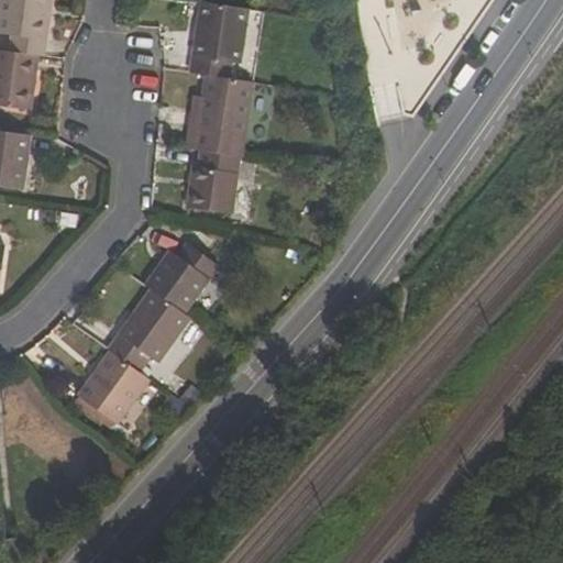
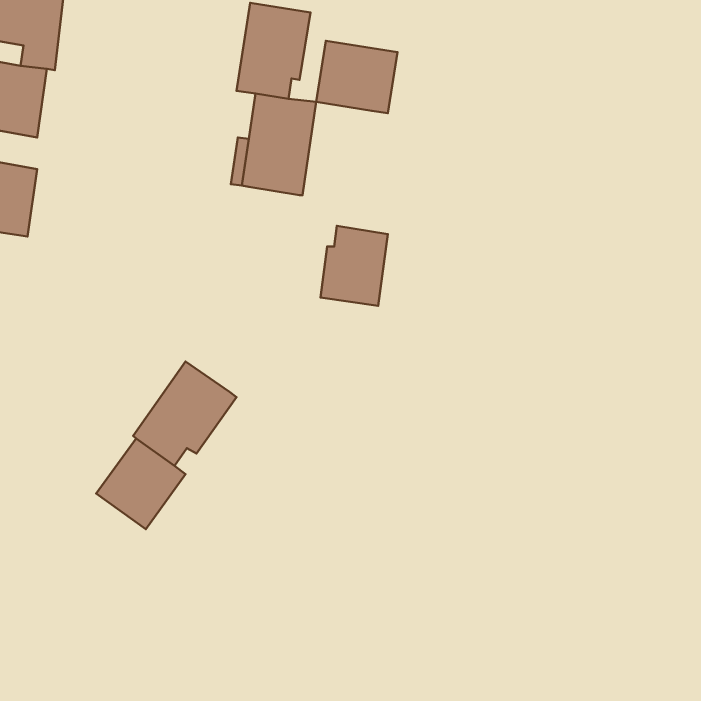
building: none -> [316,41,398,113]
building: [186,150,240,213] -> [320,226,388,306]
building: [143,243,218,313] -> none

